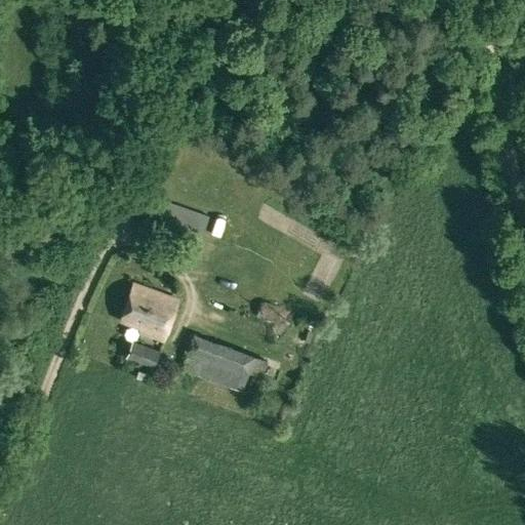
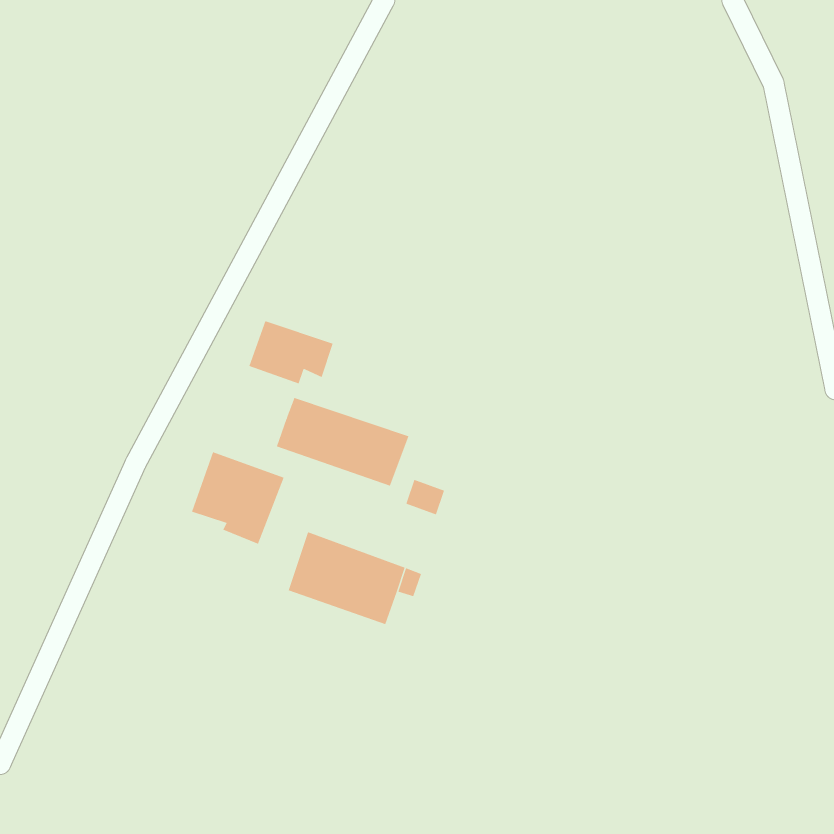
building: none -> [276,397,409,487]
building: [126,340,160,369] -> none

